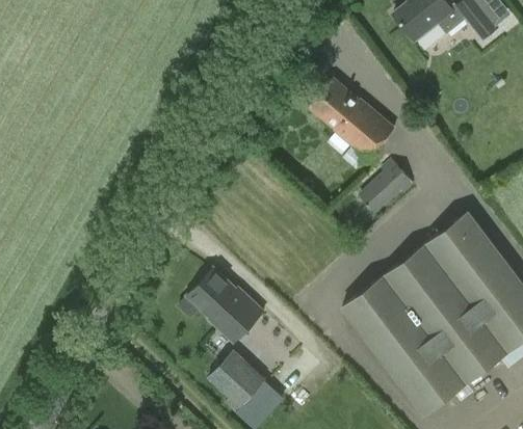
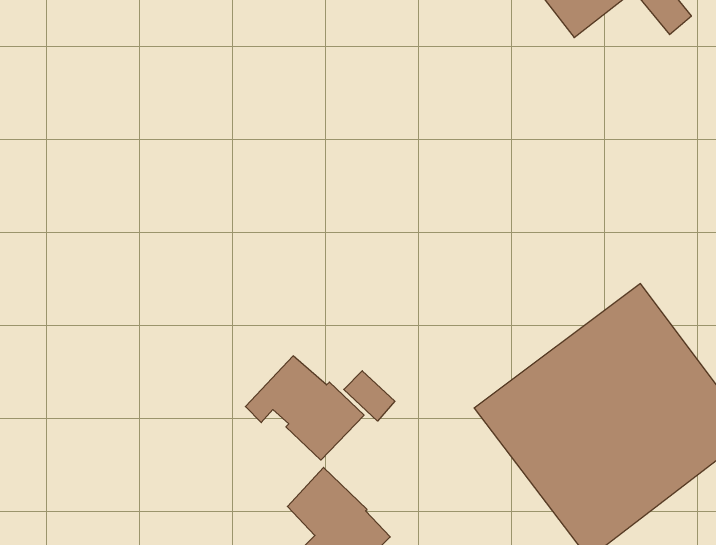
building: [310,78,395,159] -> none
building: [362,161,414,212] -> none
building: none -> [344,371,395,421]

